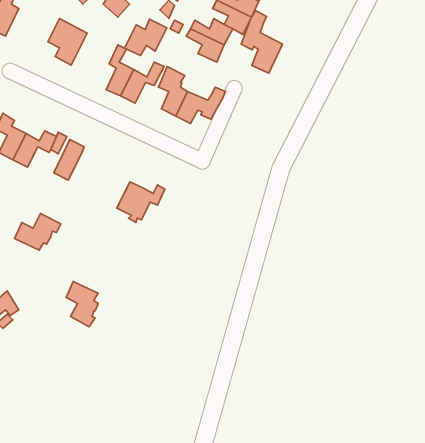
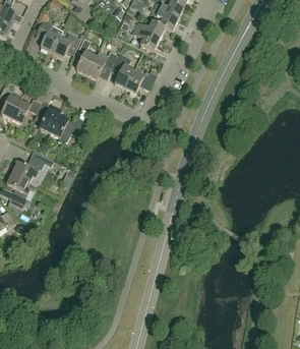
building: [241,11,282,73] -> none
building: [125,19,167,56] -> [52,30,81,55]
building: [117,182,165,223] -> [50,112,83,140]
building: [66,282,98,327] -> [7,171,29,202]

